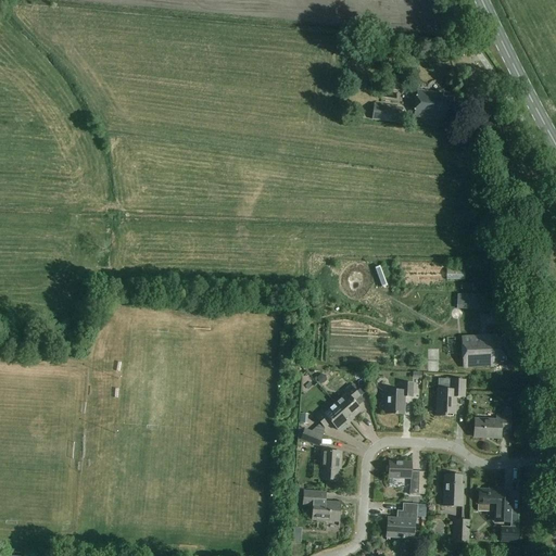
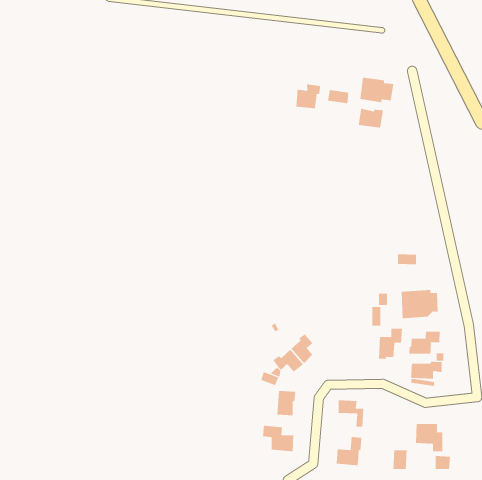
building: none -> [296,84,321,109]
building: none -> [358,108,383,129]
building: none -> [409,331,440,354]
building: [384,382,413,413] -> none
building: [443,472,463,505] -> none

